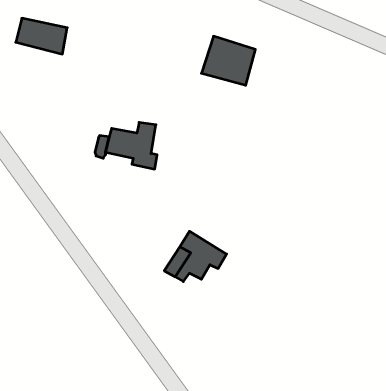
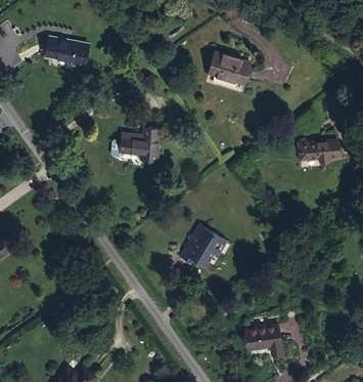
building: none -> [297,136,341,163]
building: none -> [243,321,281,350]

